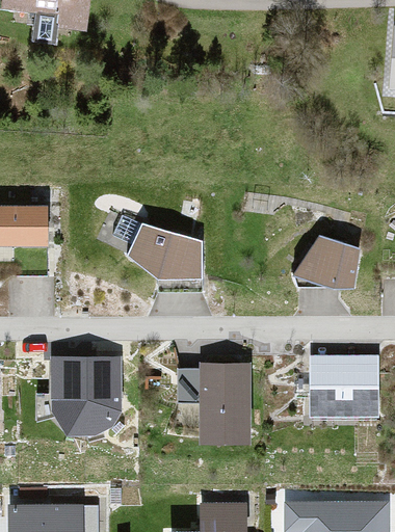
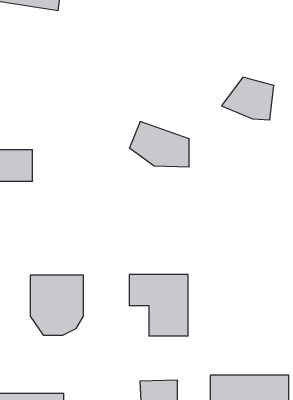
building: [130,219,206,276] -> [129,122,189,167]
building: [296,234,363,288] -> [222,77,274,120]
building: [310,364,374,422] -> none

